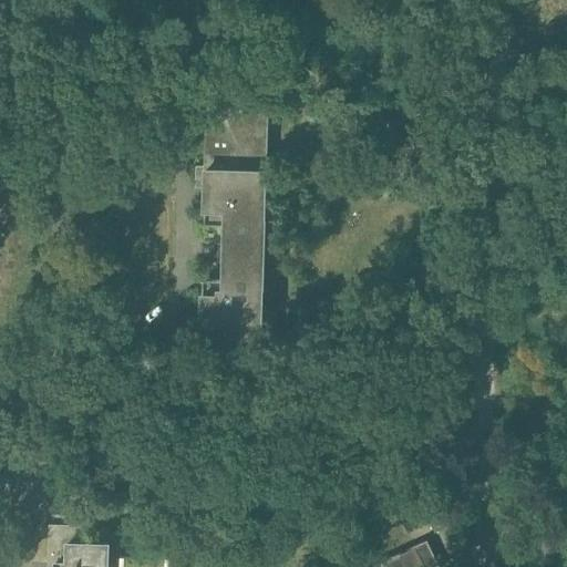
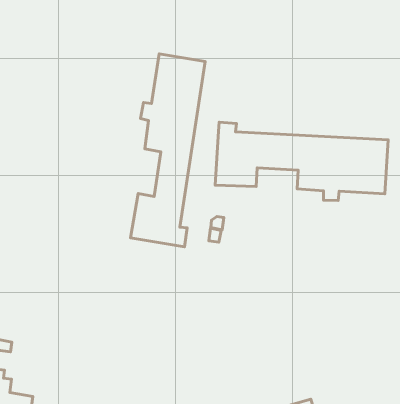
building: none -> [215,122,388,200]

